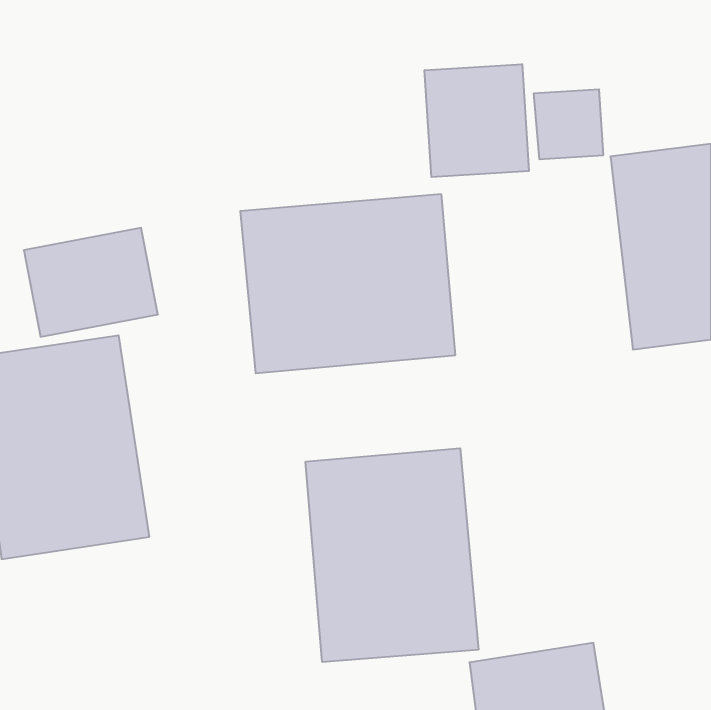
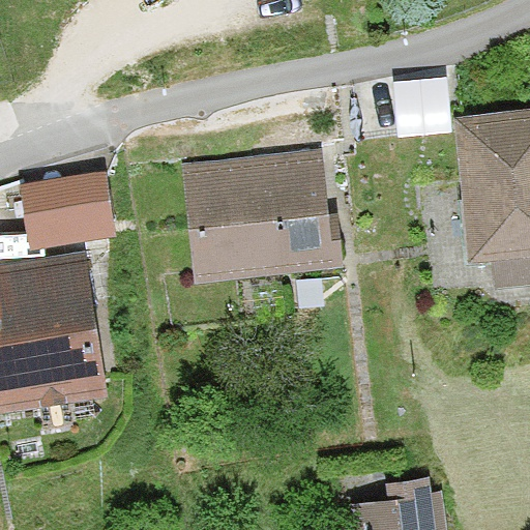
building: [425,64,529,177] -> none
building: [306,448,478,662] -> none

